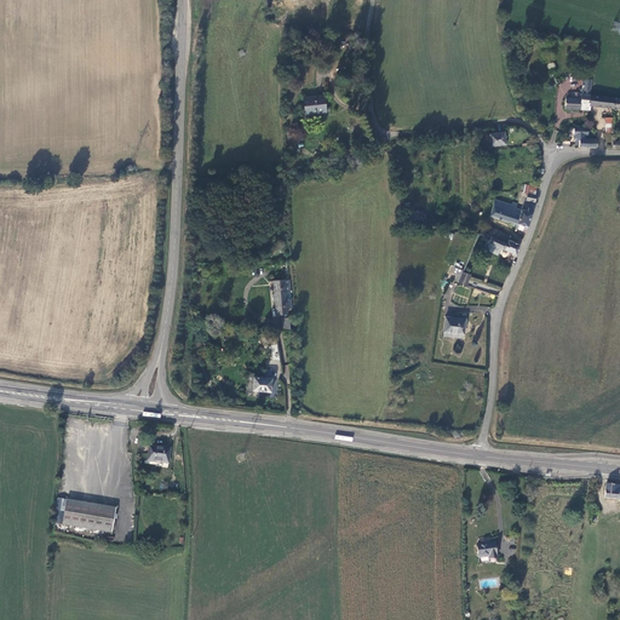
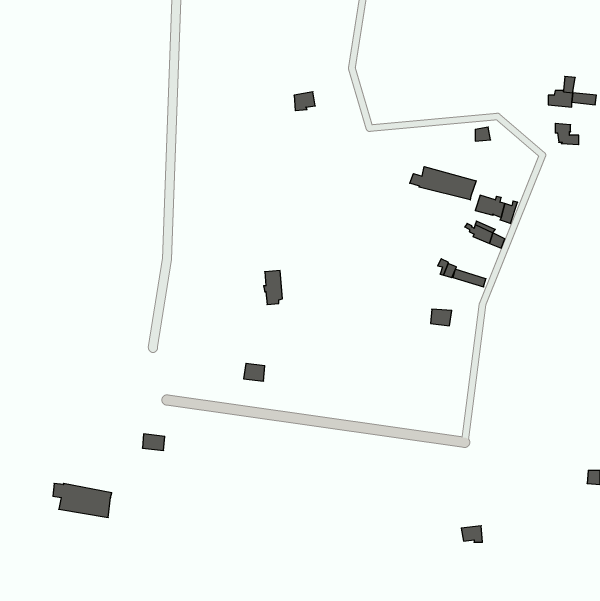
building: none -> [410,167,476,200]

